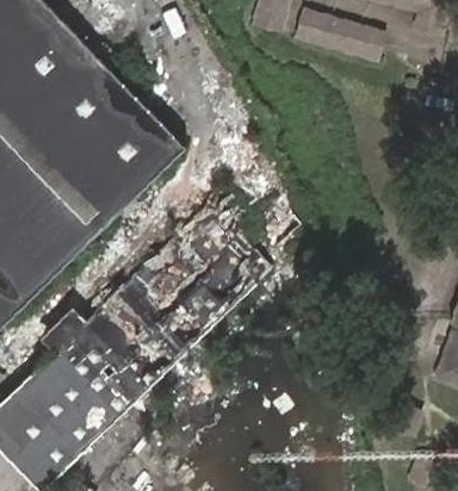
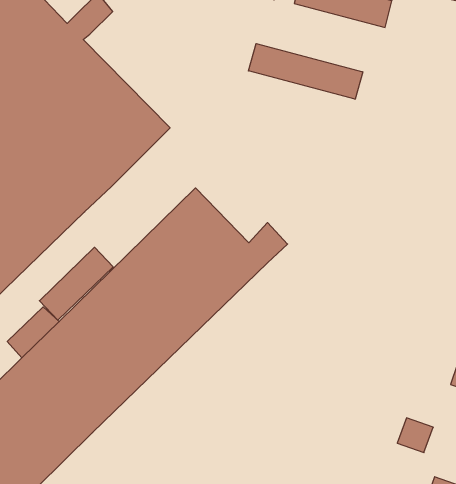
building: none -> [248,44,363,99]
building: none -> [39,247,113,320]

